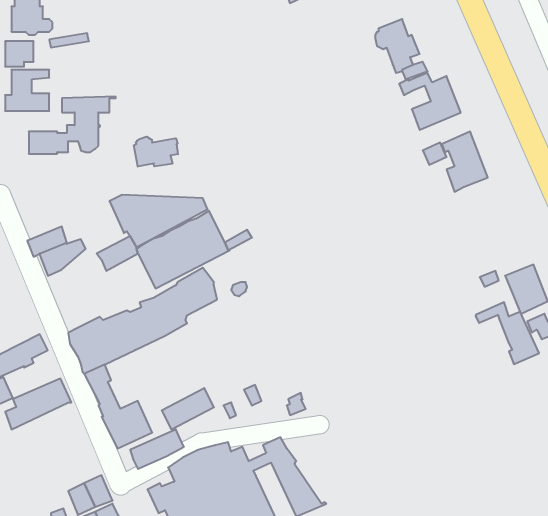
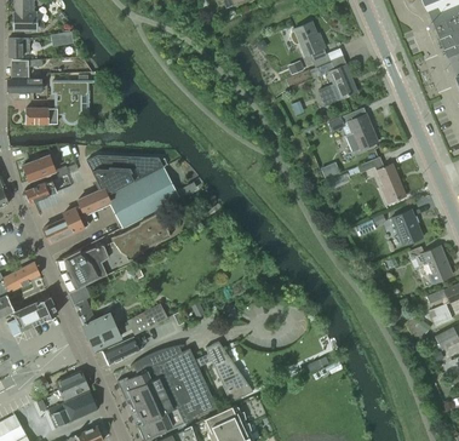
building: [134,137,178,167] -> none
building: none -> [22,154,70,183]
building: none -> [45,205,90,244]
building: [476,302,539,364] -> [357,156,406,204]

